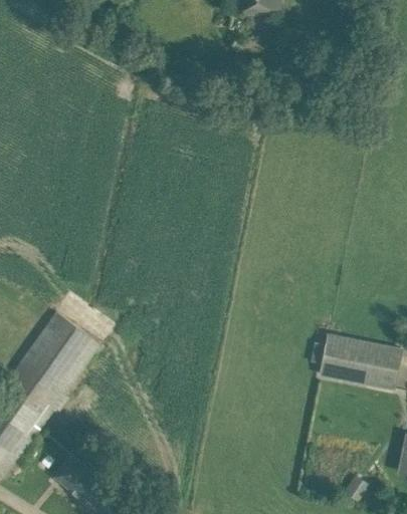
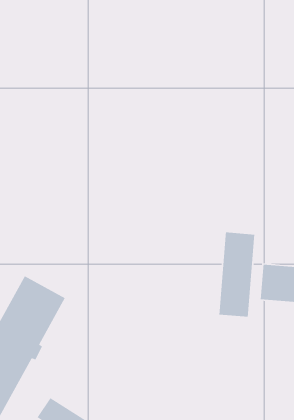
building: none -> [218,232,255,318]

